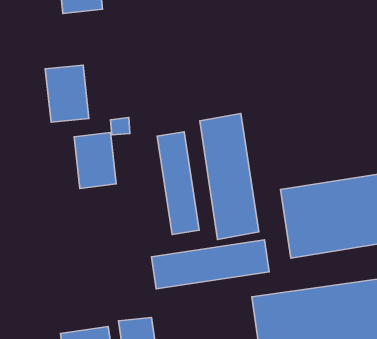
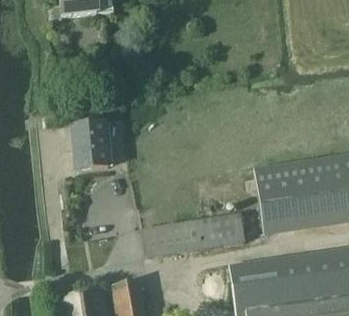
building: [45,65,89,122] -> none
building: [200,113,259,239] -> none
building: [157,132,199,234] -> none

